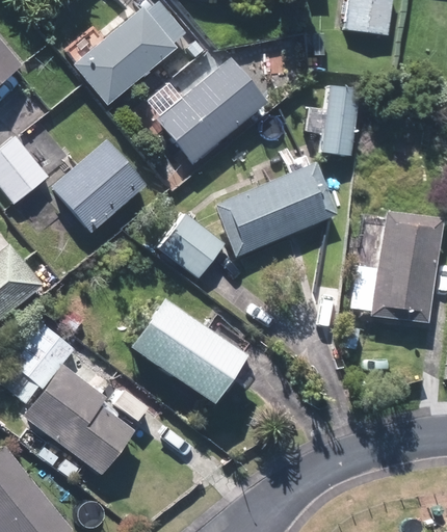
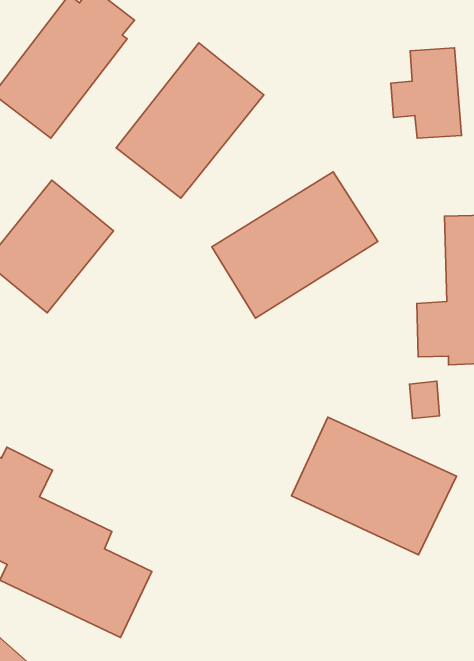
building: [306,85,358,152] -> [391,48,462,138]
building: [162,215,226,277] -> none
building: [129,294,249,403] -> [291,417,456,555]

